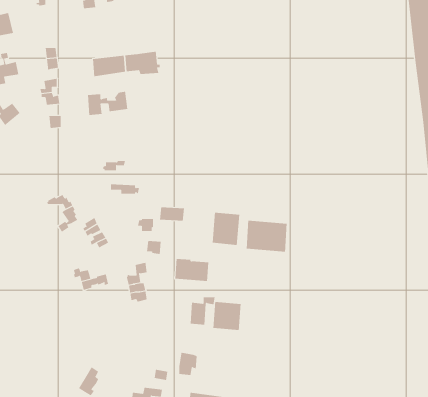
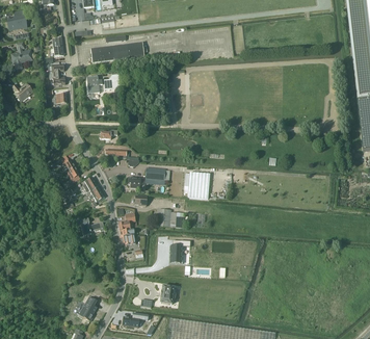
building: [246,220,287,253] -> none
building: [213,301,241,331] -> none

